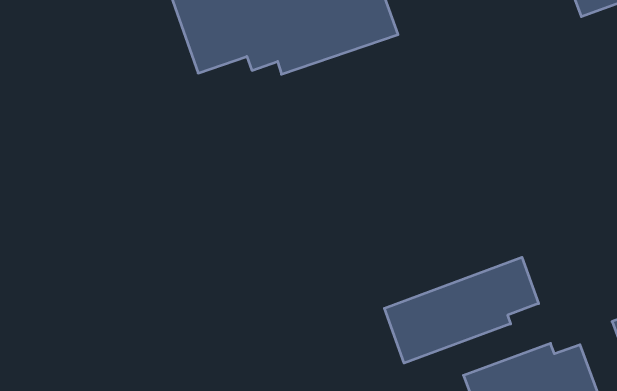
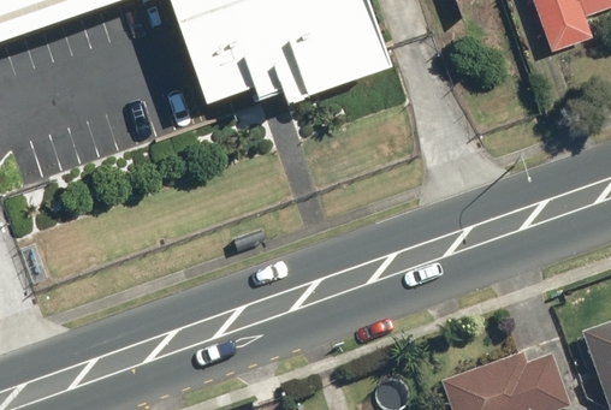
building: [384,257,539,363] -> none

